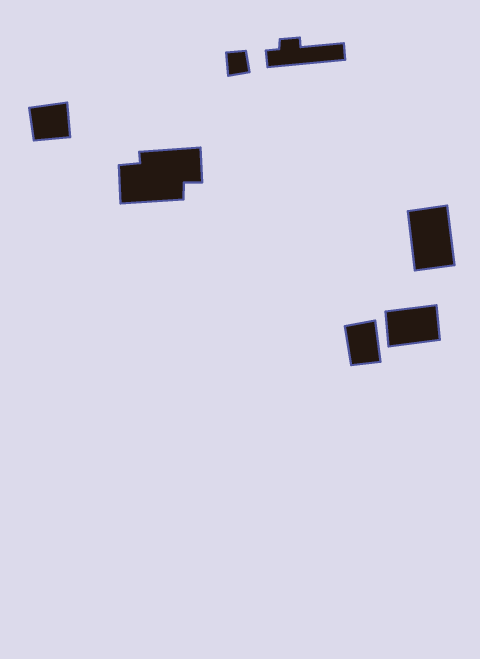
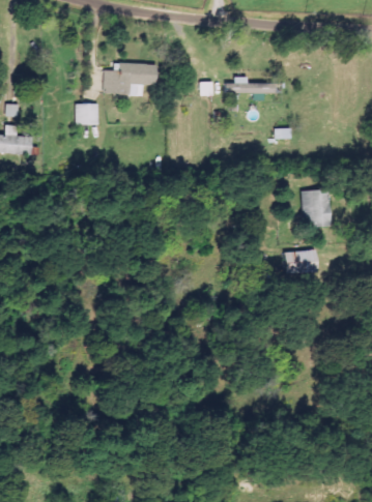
building: [119,148,202,204] -> [103,62,155,94]
building: [345,321,380,365] -> none

